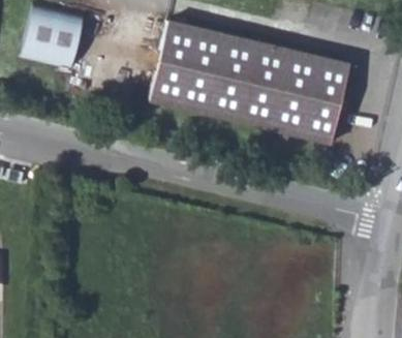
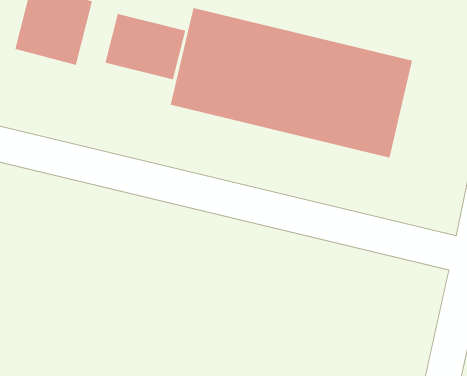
building: none -> [105,13,186,80]

